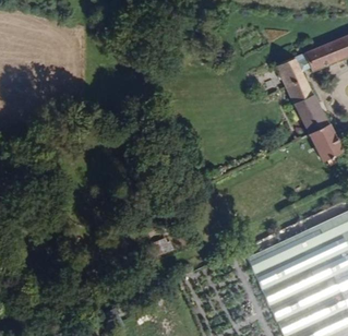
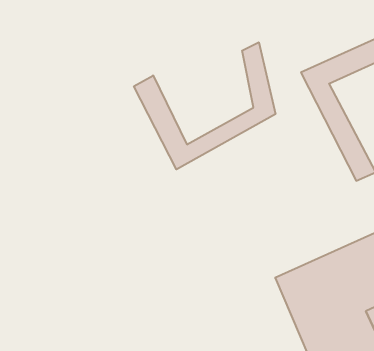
building: none -> [134,42,275,169]

